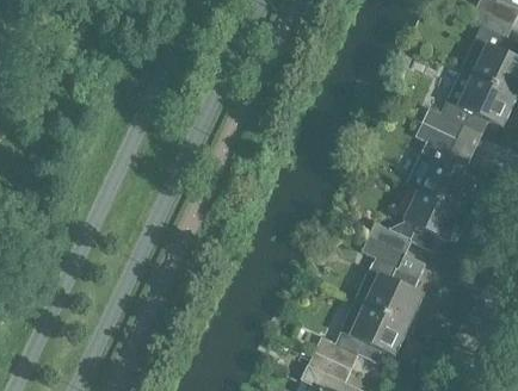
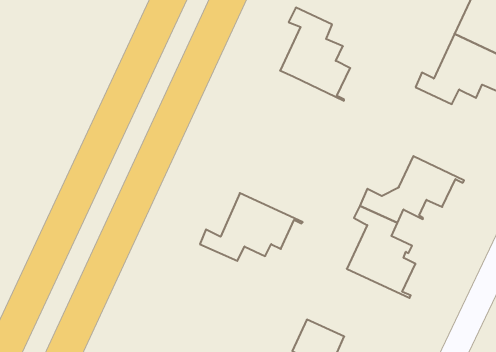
building: [408,122,477,213] -> [280,8,350,101]
building: [316,300,418,367] -> [200,193,303,261]

